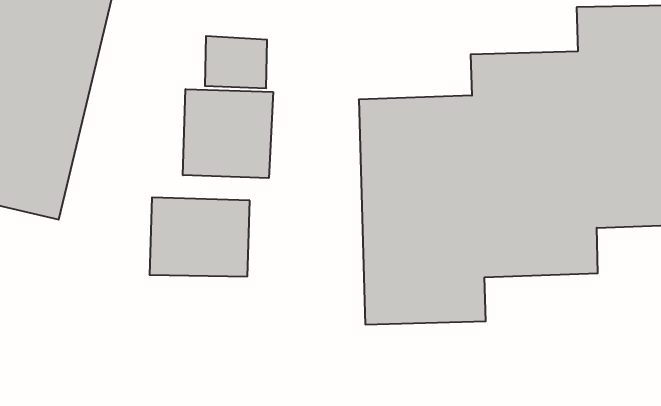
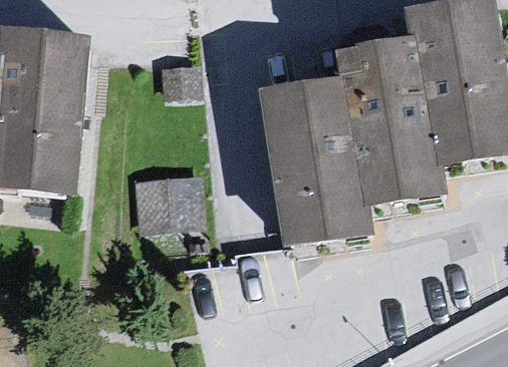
building: [183,89,273,178] -> none

